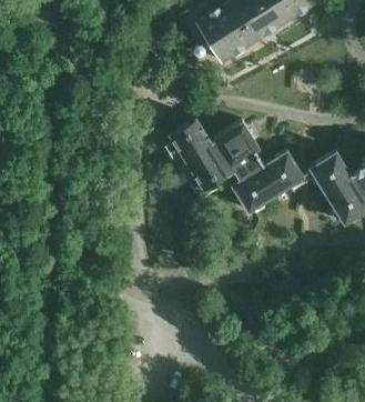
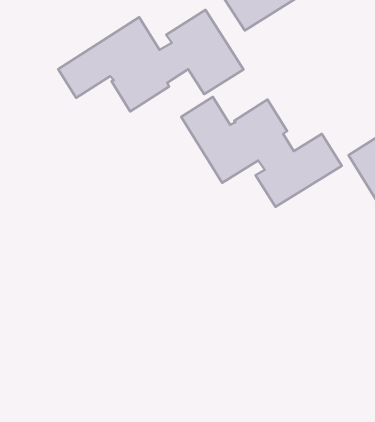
building: none -> [58,10,243,111]

